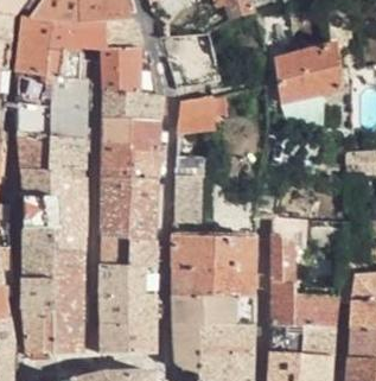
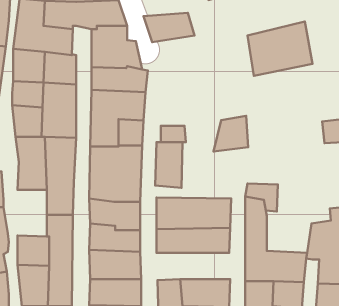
building: [176,96,214,135] -> [214,116,248,152]
building: [21,227,53,278] -> none
building: [173,296,254,325] -> none

